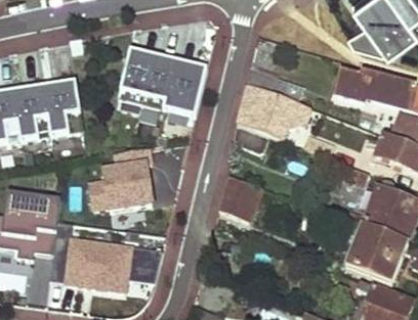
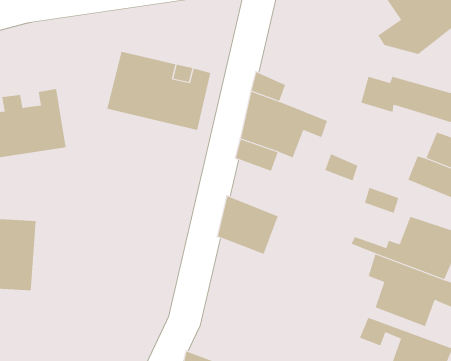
building: [83,155,155,214] -> none
building: [61,233,161,298] -> none

